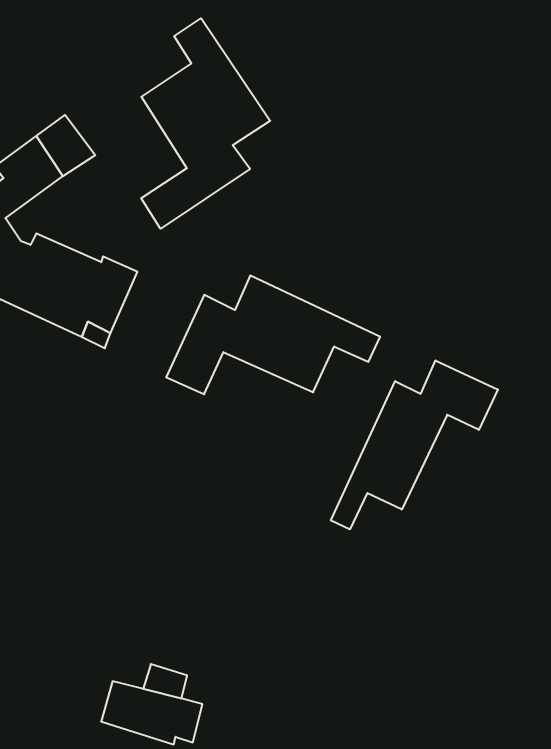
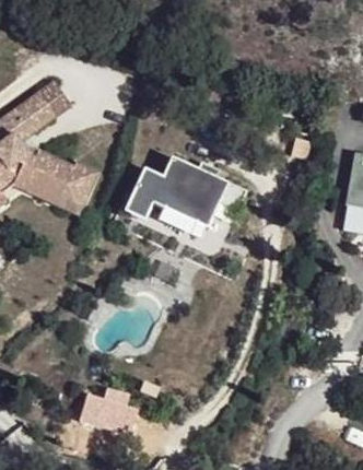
building: [141,18,270,229] -> none
building: [331,360,498,529] -> none

